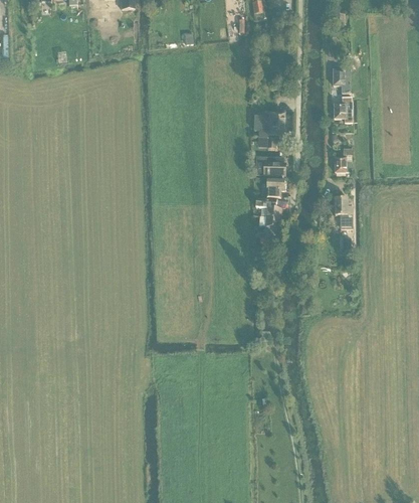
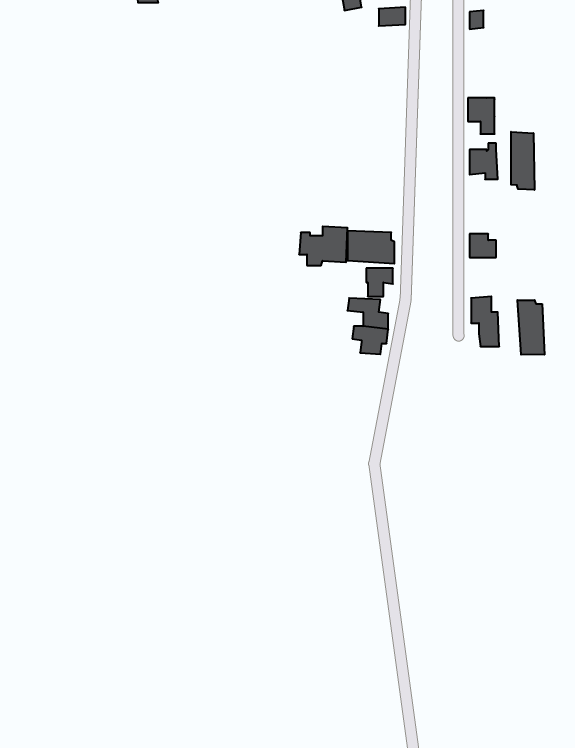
building: none -> [511,132,534,190]
building: [252,112,283,137] -> [299,226,348,265]
building: none -> [517,300,544,355]

